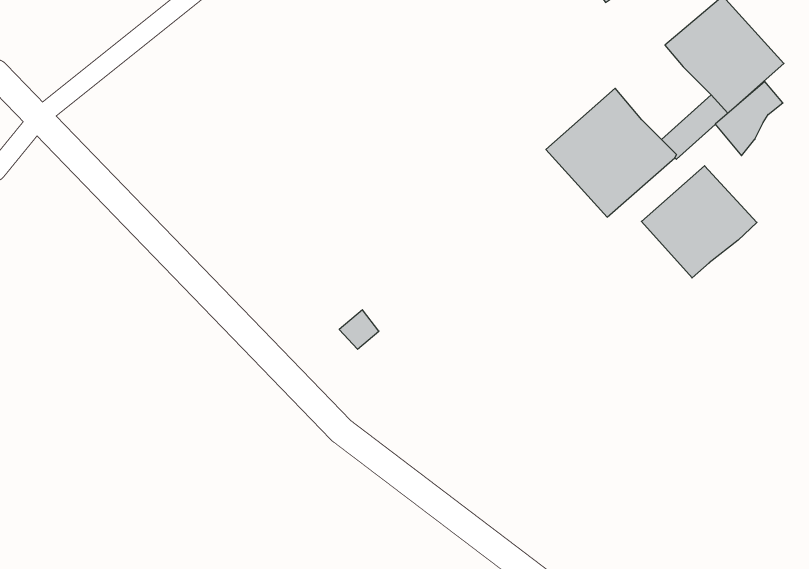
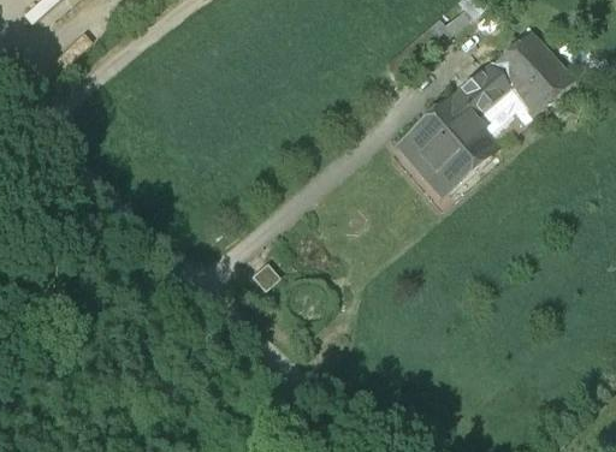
building: [715,81,783,156] -> [451,66,500,120]
building: [641,166,757,278] -> none

